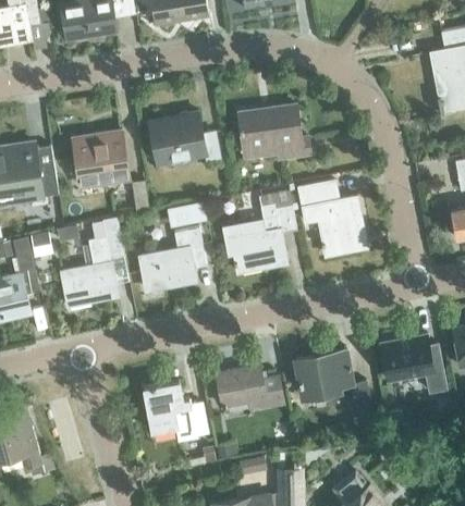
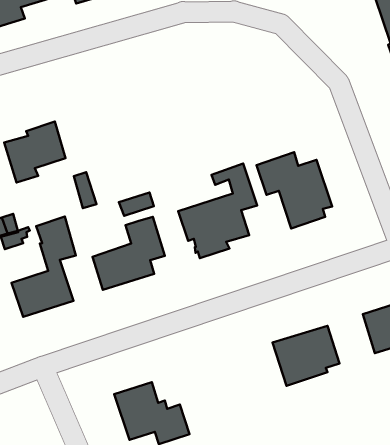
building: [236,104,310,159] -> none
building: [147,112,218,163] -> none
building: [217,365,283,415] -> none

